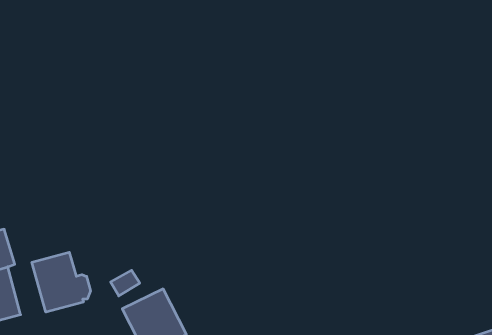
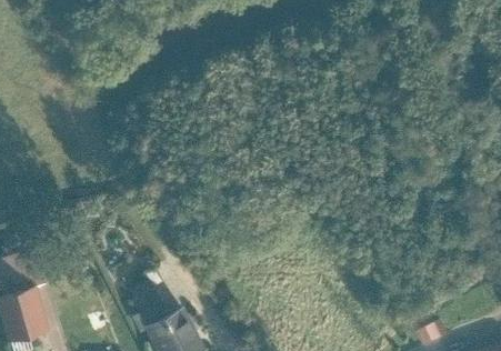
building: [32,252,90,312] -> none

